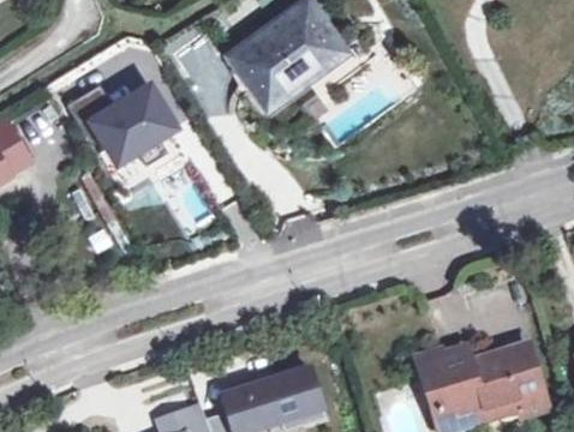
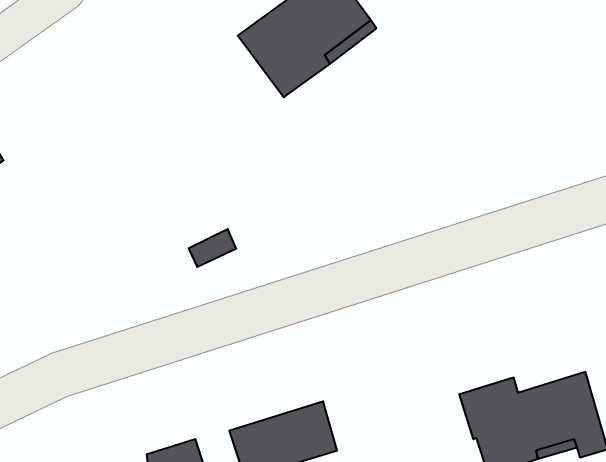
building: [70,84,175,164] -> none

